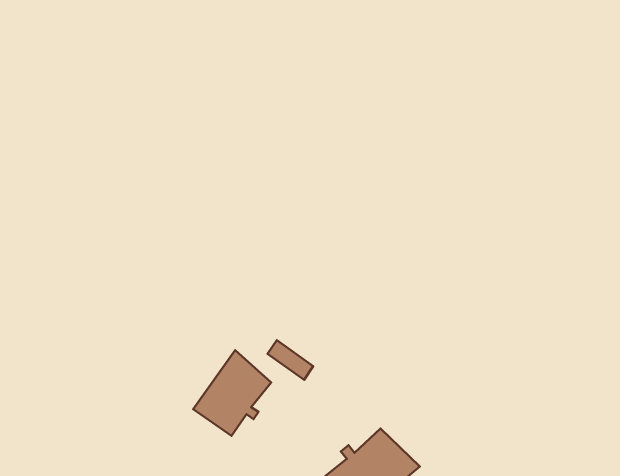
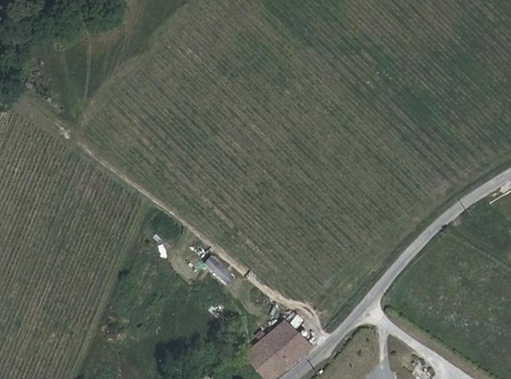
building: [193,350,271,436] -> none

